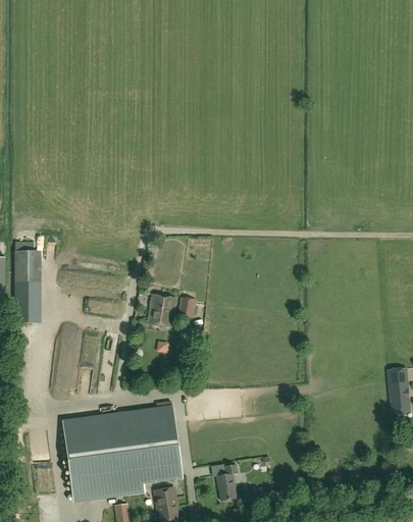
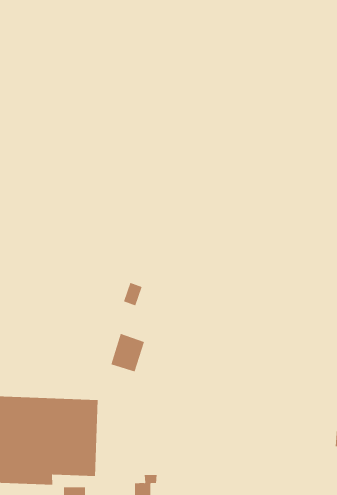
building: [148,295,175,327] -> [110,333,145,372]

